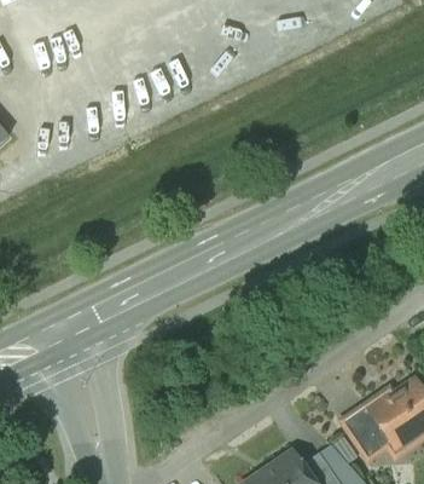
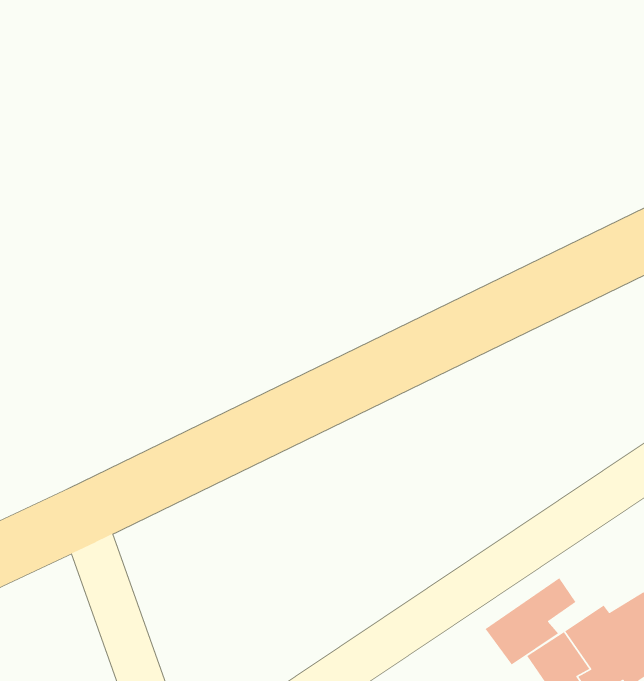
building: none -> [485,577,577,666]

